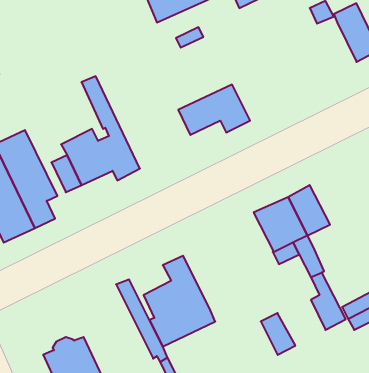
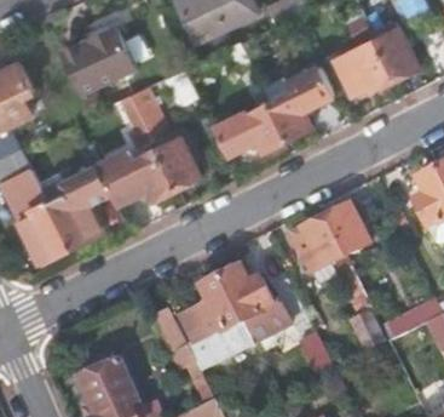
building: none -> [63,25,135,92]
building: none -> [336,38,396,91]
building: none -> [270,67,333,137]
building: none -> [132,85,201,185]
building: none -> [220,264,290,341]

